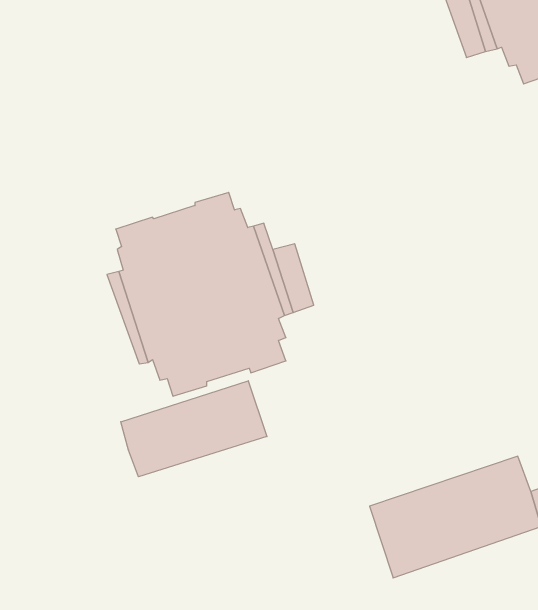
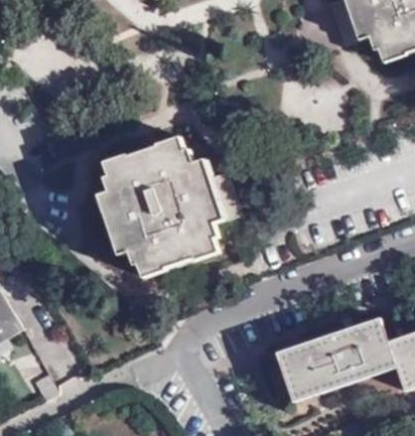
building: [121,381,267,477] -> none

